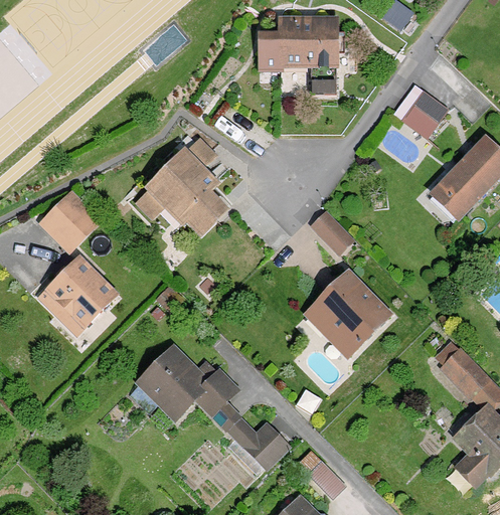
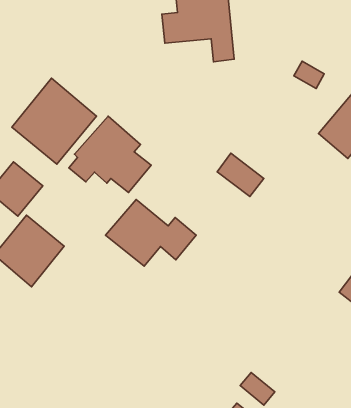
building: none -> [12,78,96,164]
building: [302,267,394,359] -> none
building: [133,345,237,423] -> [106,199,196,266]
building: [218,409,292,472] -> none

